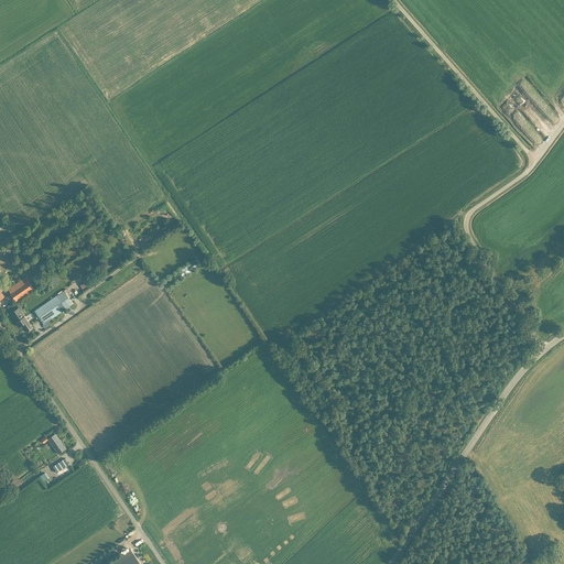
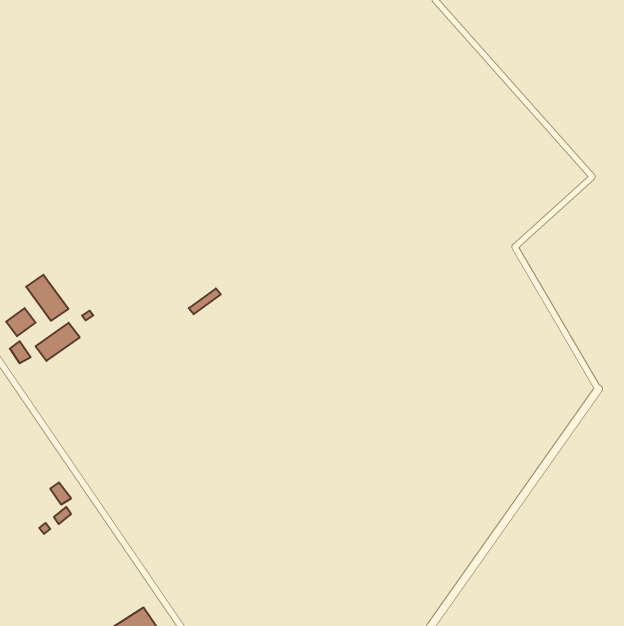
building: none -> [26,275,68,321]

